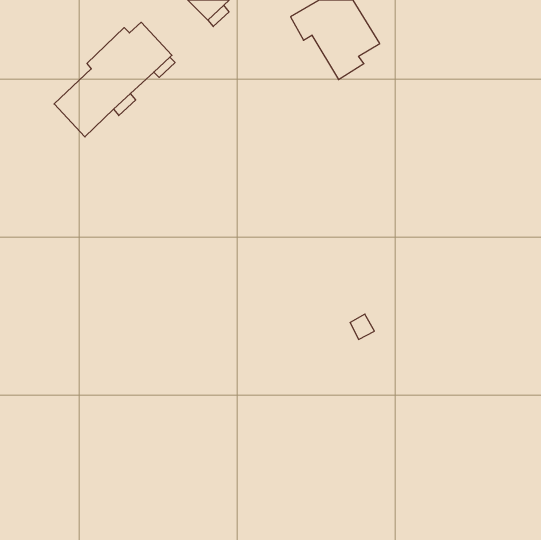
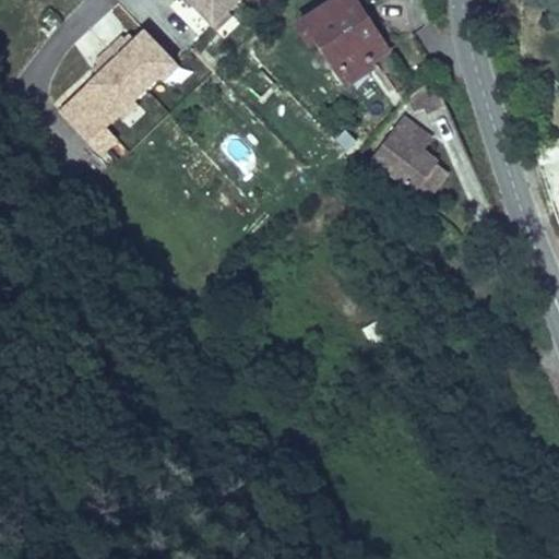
building: none -> [369,119,447,203]

